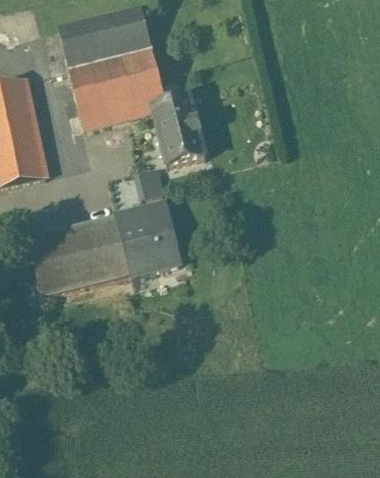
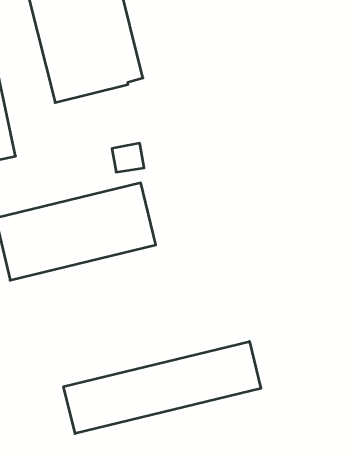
building: [153,98,207,166] -> none
building: none -> [64,341,261,434]

